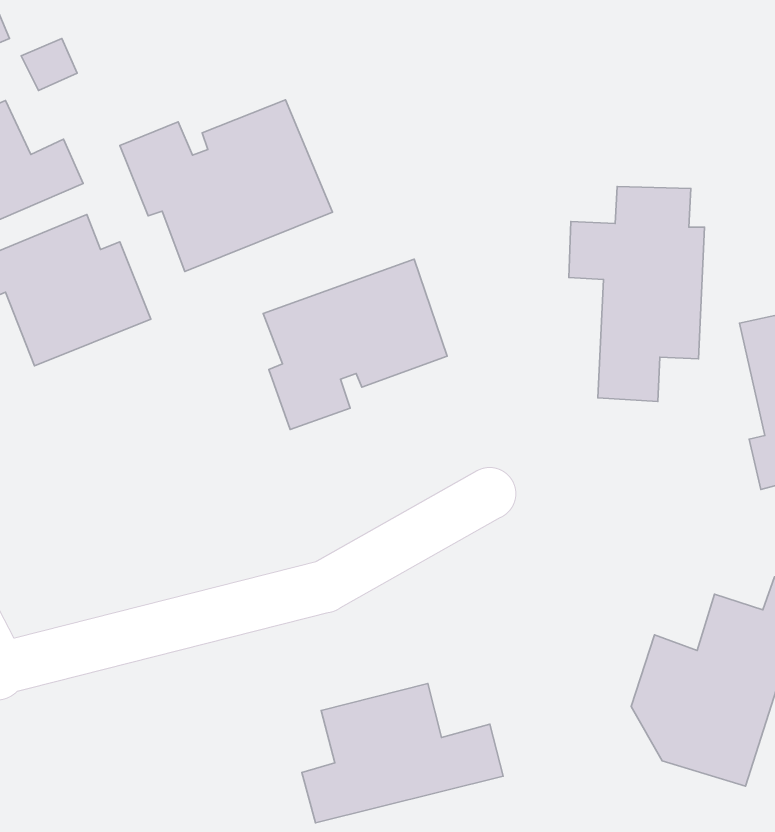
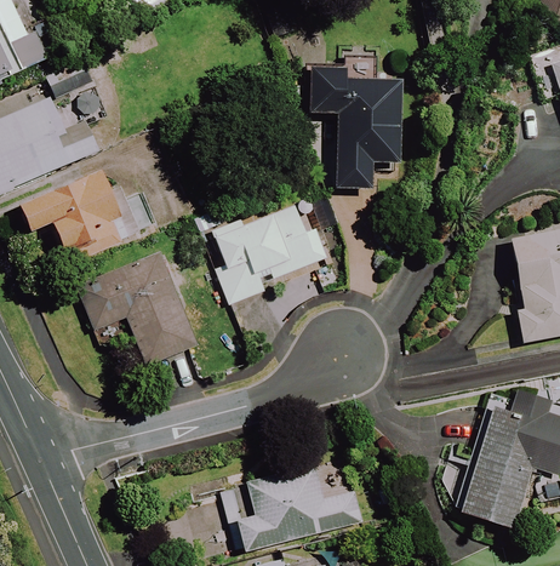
building: [120,100,332,271] -> none
building: [569,187,704,402] -> [315,56,400,190]
building: none -> [74,252,196,364]

